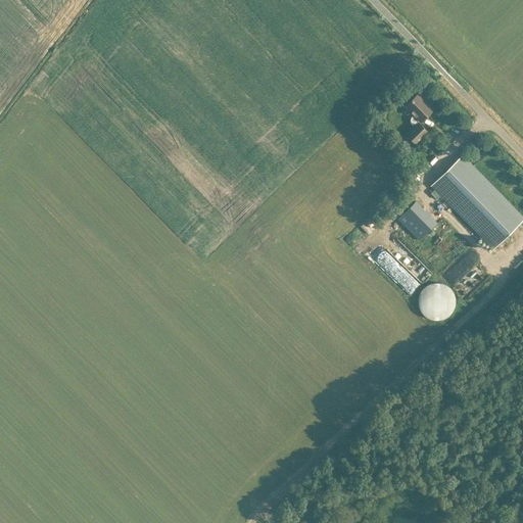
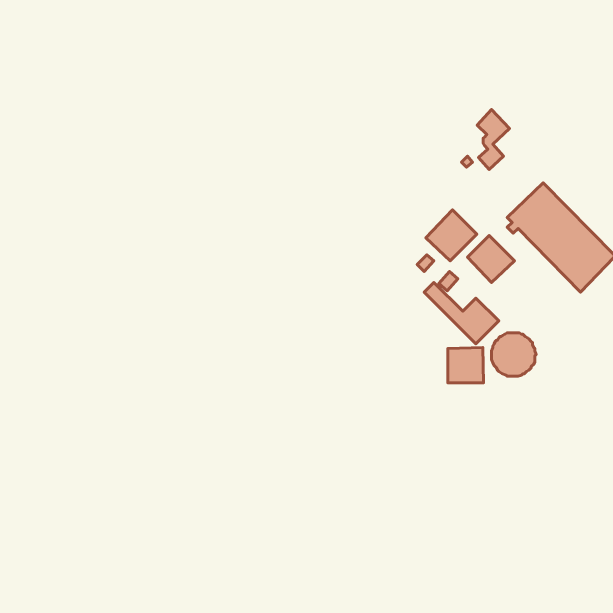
building: none -> [426,210,477,261]
building: none -> [448,348,484,383]

